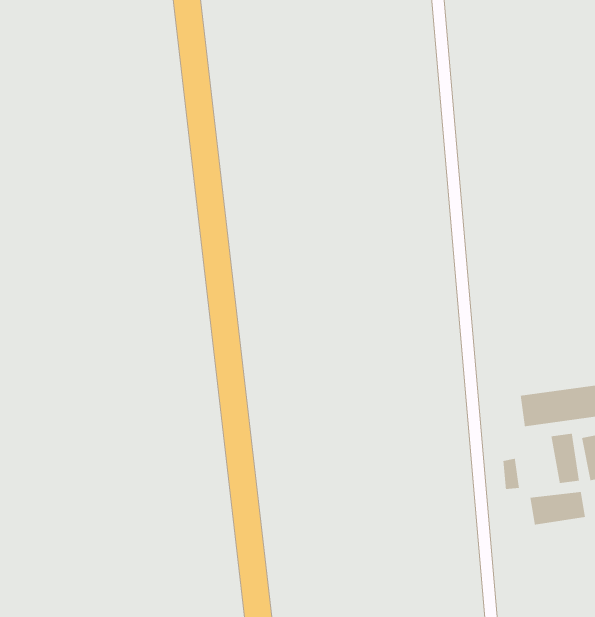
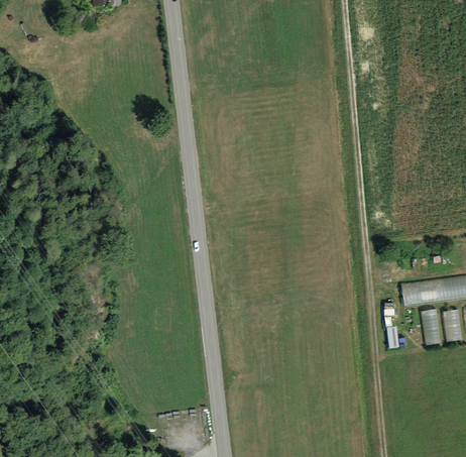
building: [530,491,586,525] -> none

